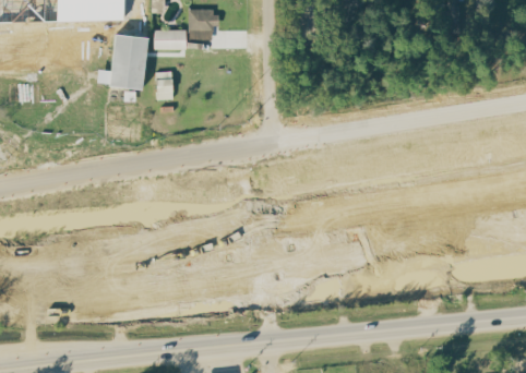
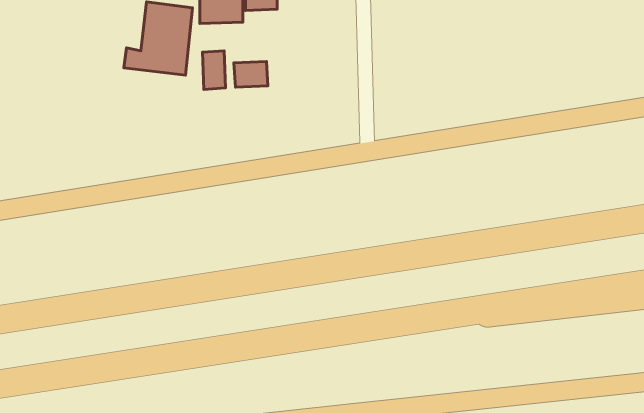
building: none -> [234,61,268,87]

